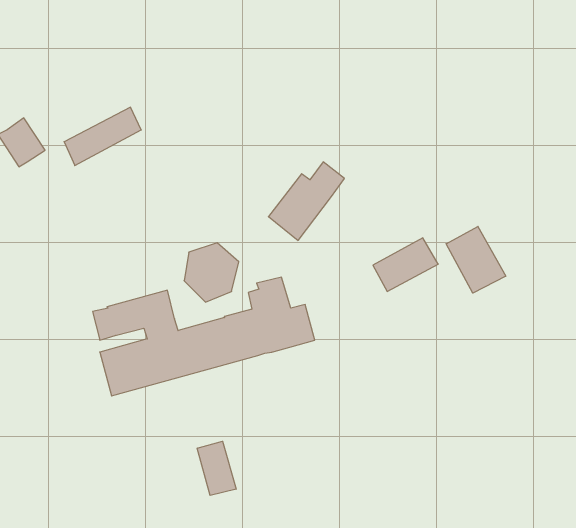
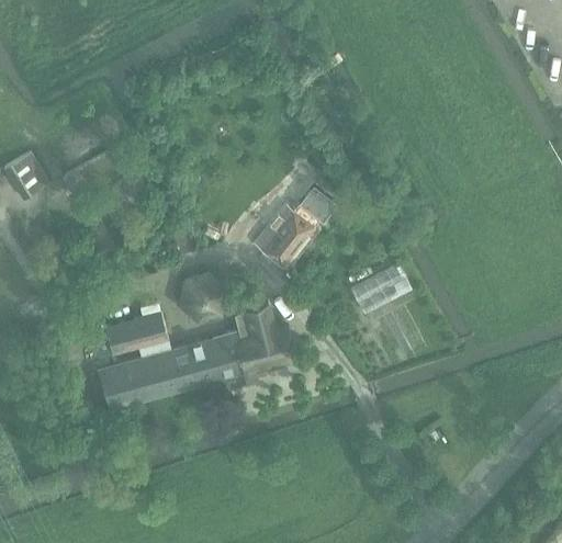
building: [446,226,506,293] -> none
building: [197,441,236,495] -> none

